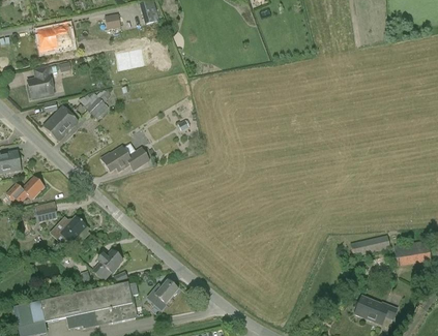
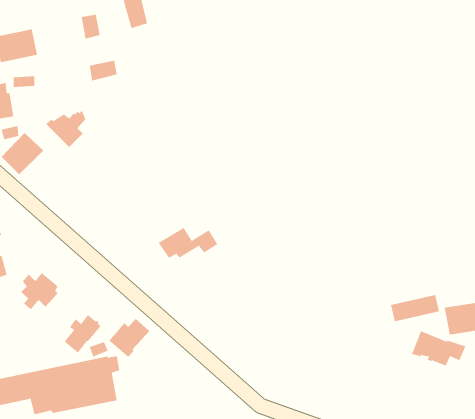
building: [101,146,149,171] -> [158,227,218,258]
building: [146,279,179,310] -> [108,318,150,357]
building: [354,295,398,325] -> [411,331,466,369]

